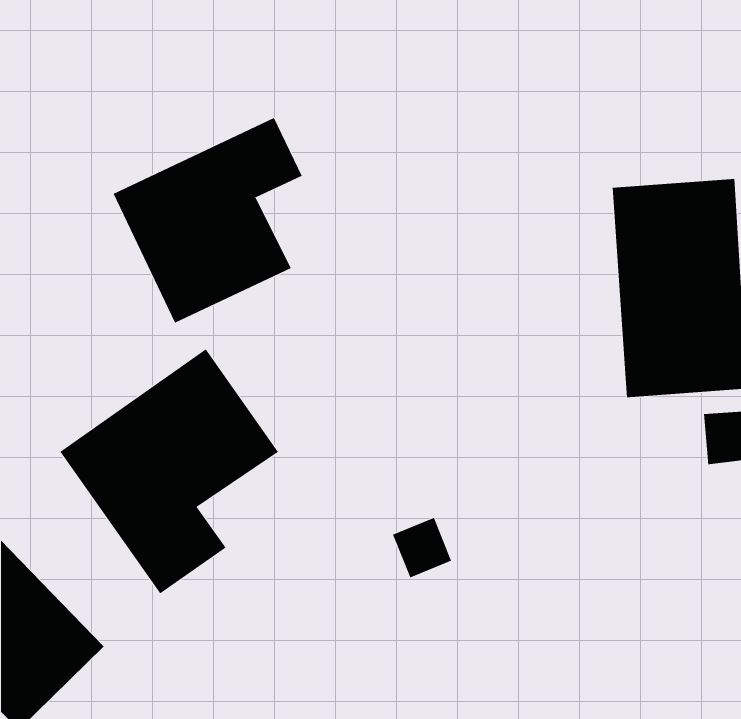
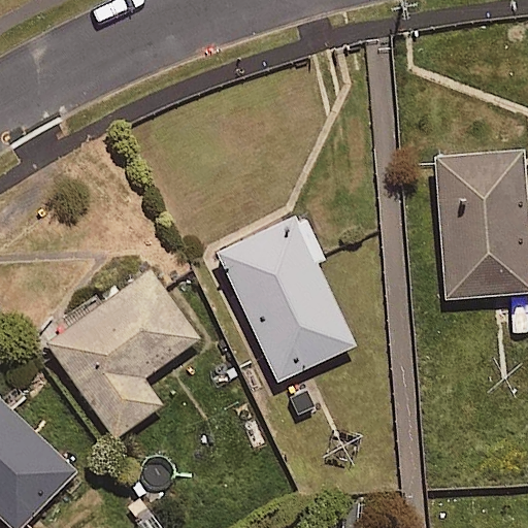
building: [113,117,303,324] -> none
building: none -> [216,212,354,381]

